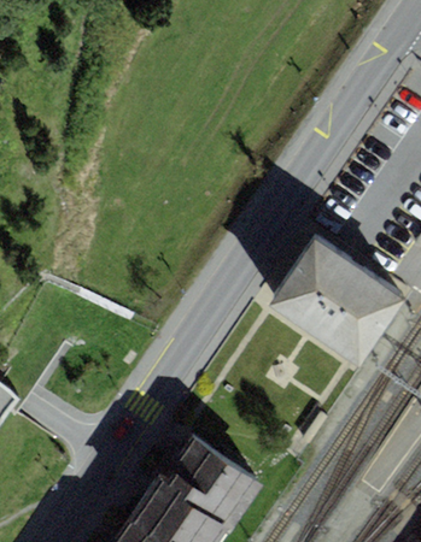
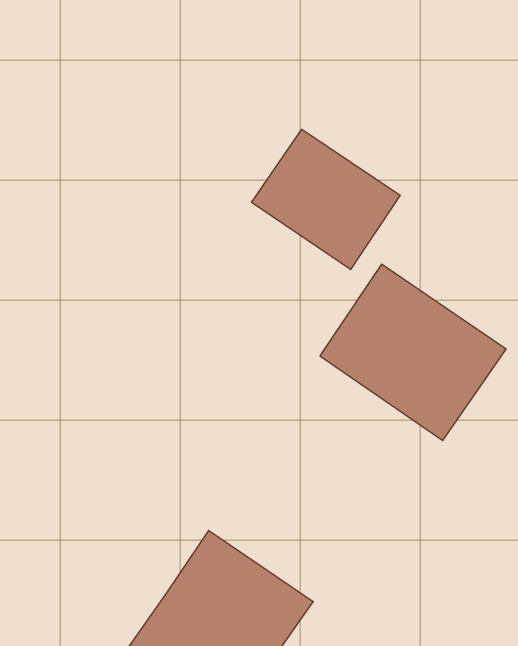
building: none -> [252,129,400,270]

